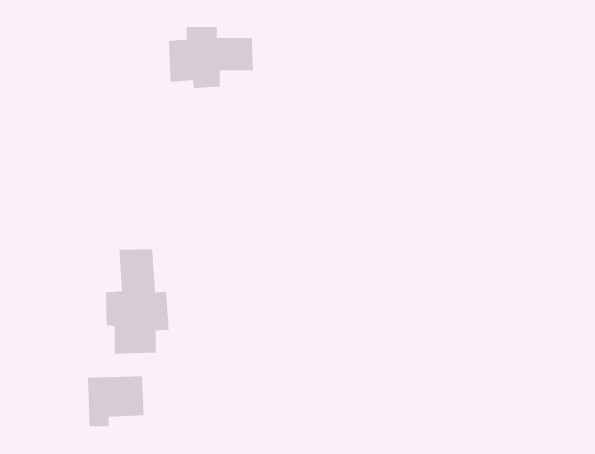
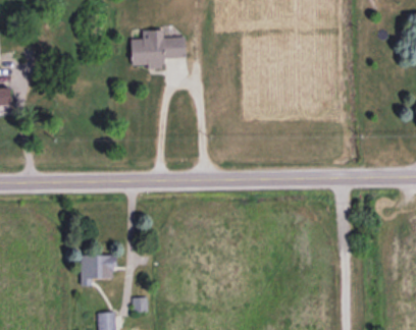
building: [105,248,169,354] -> none

